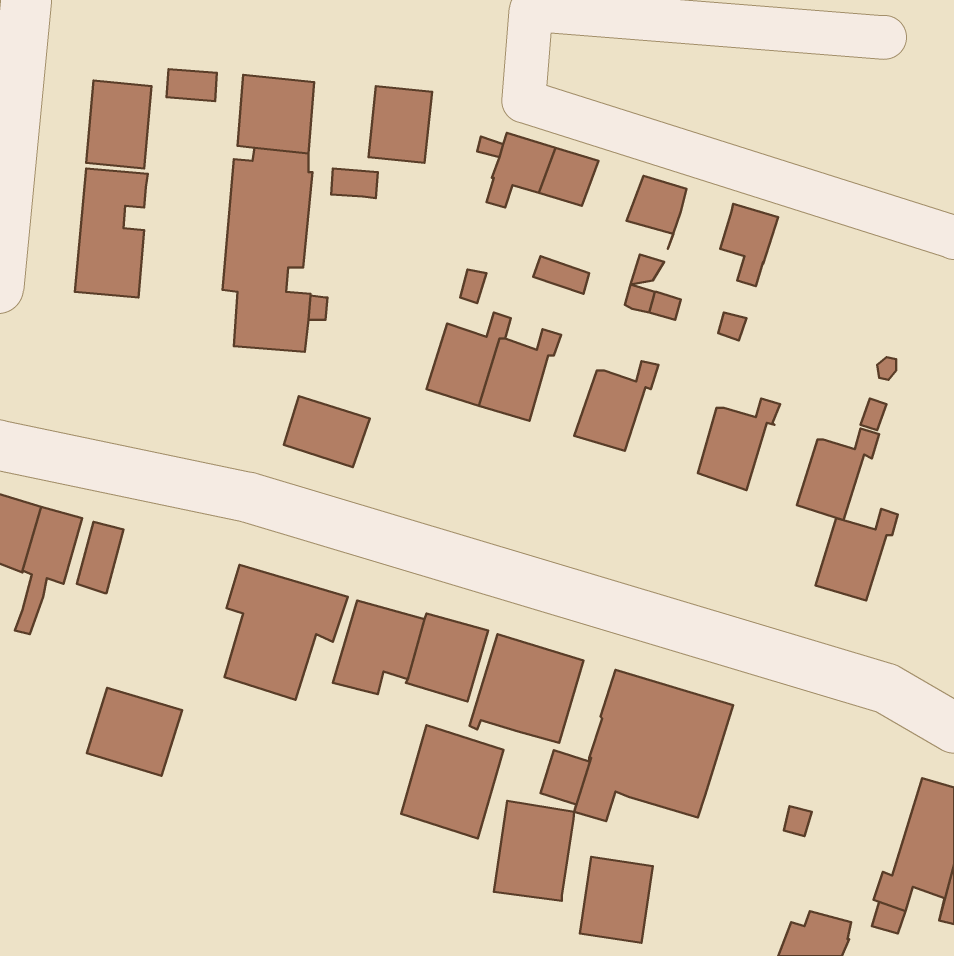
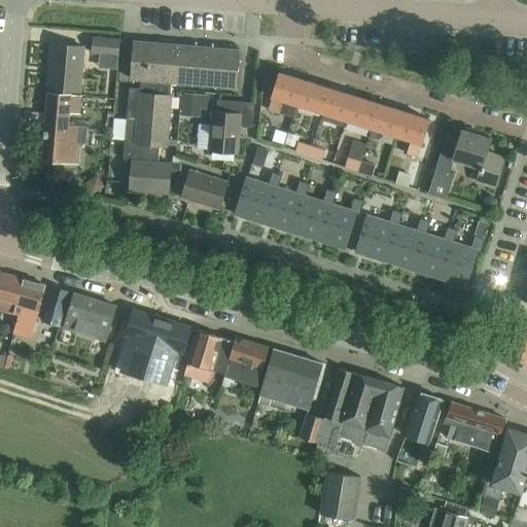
building: none -> [170,45,207,86]
building: none -> [320,89,354,121]
building: none -> [208,100,252,154]
building: none -> [367,104,403,140]
building: none -> [428,130,503,200]
building: none -> [291,189,336,240]
building: none -> [355,210,401,260]
building: [284,396,370,467] -> [180,171,227,210]
building: [816,509,898,601] -> [411,227,456,278]
building: [87,688,182,776] -> [63,293,115,342]
building: none -> [396,392,443,467]
building: [401,725,503,838] -> none
building: none -> [443,402,505,454]
building: [494,801,574,901] -> none

